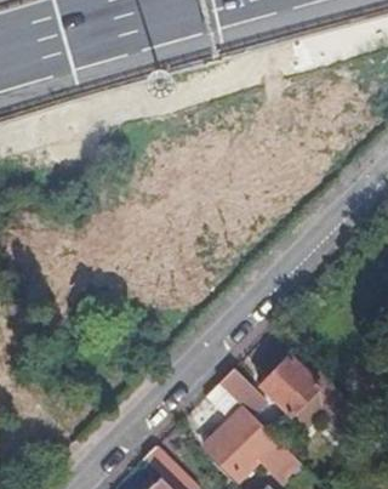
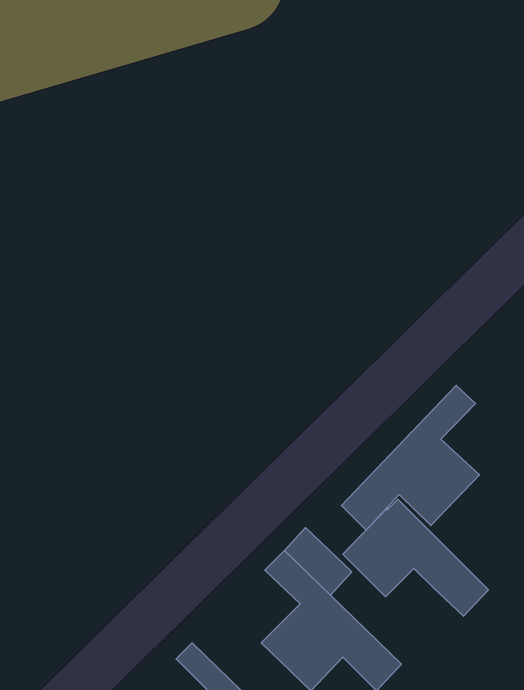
building: none -> [341,385,480,530]

